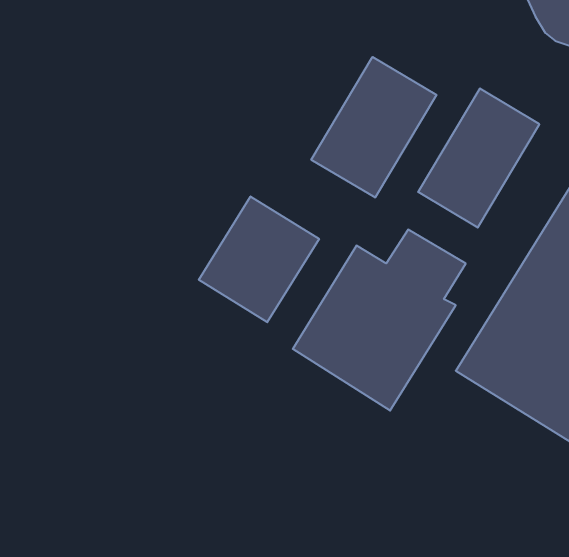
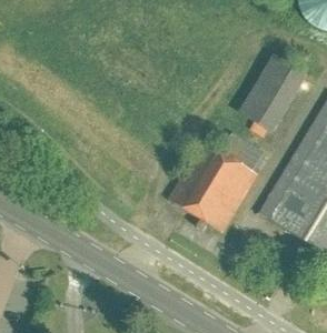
building: [311,57,436,198] -> none
building: [199,196,319,322] -> none

